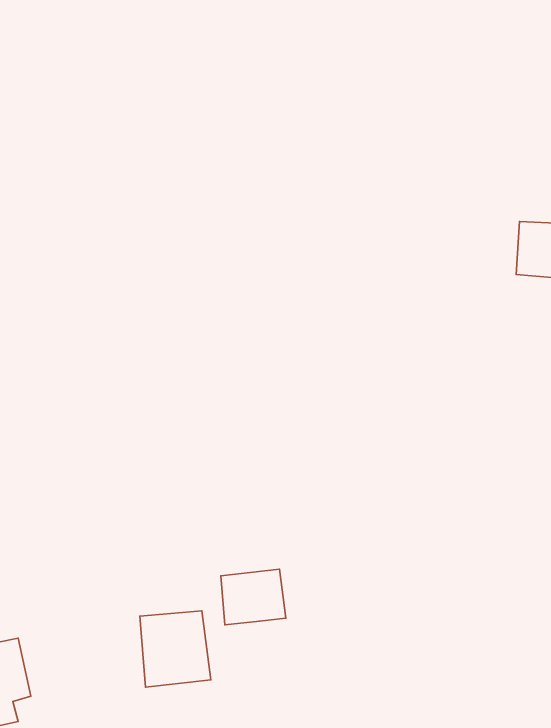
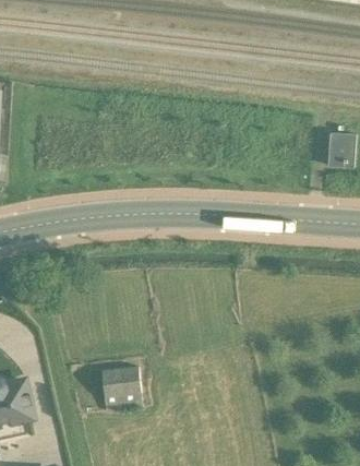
building: [221,569,286,625] -> none

